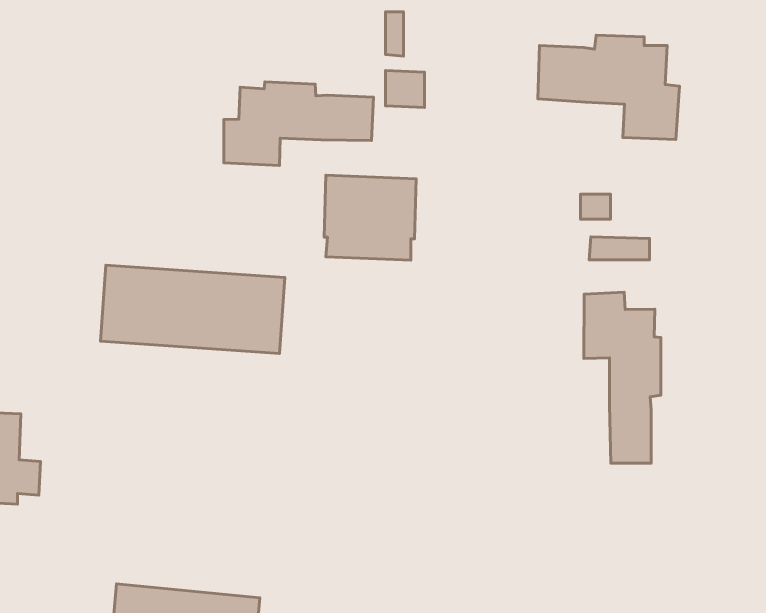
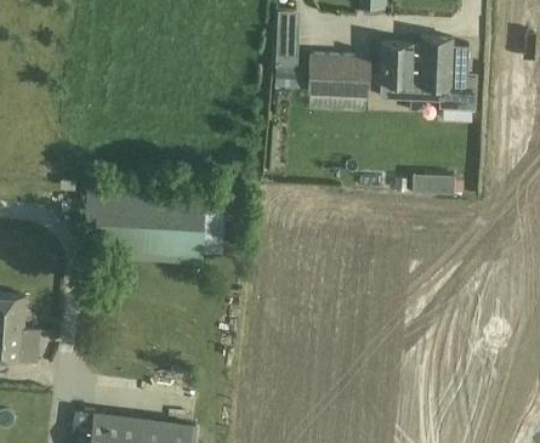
building: [224,82,374,166] -> none
building: [324,175,416,260] -> [308,53,371,112]
building: [584,292,661,463] -> none

